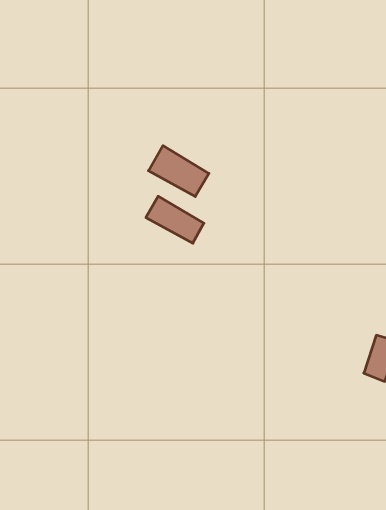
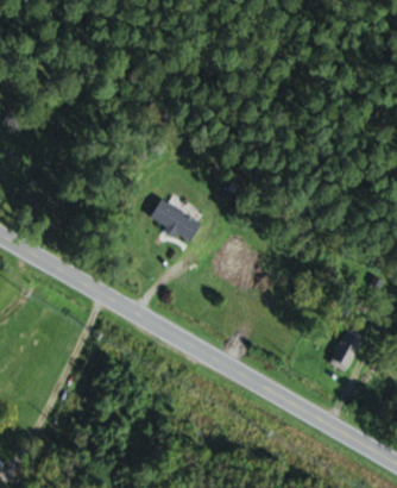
building: [148,146,209,197] -> none

